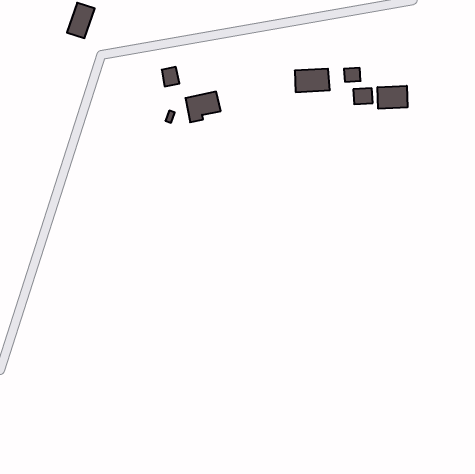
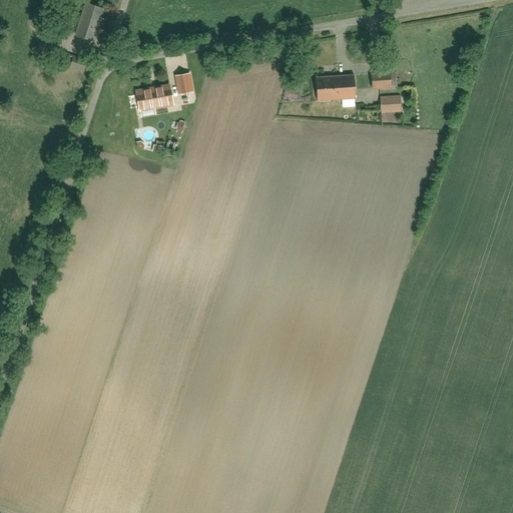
building: [378,86,407,109] -> none
building: [185,92,221,122] -> [135,83,173,116]

